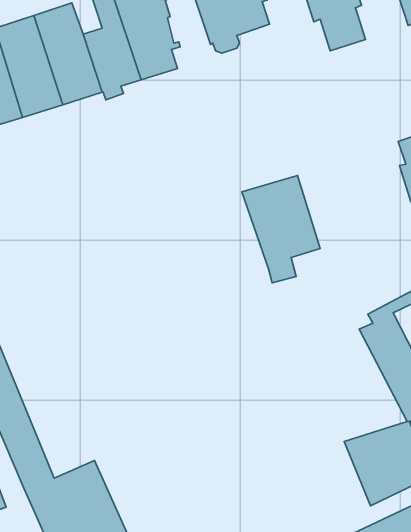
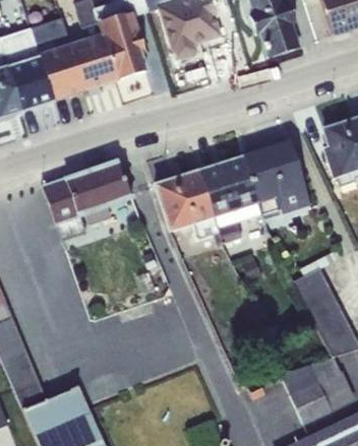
building: none -> [243,141,310,220]
building: none -> [42,160,130,241]
building: none -> [156,170,220,239]

